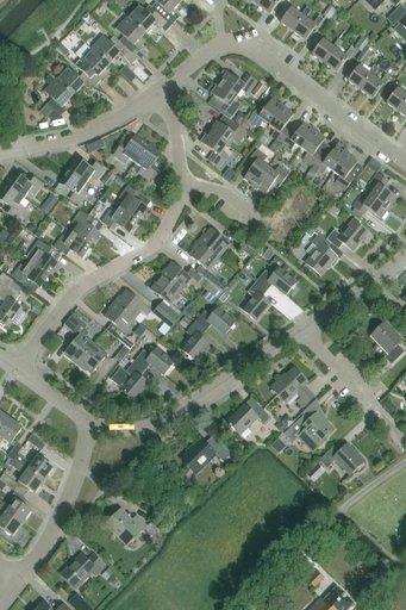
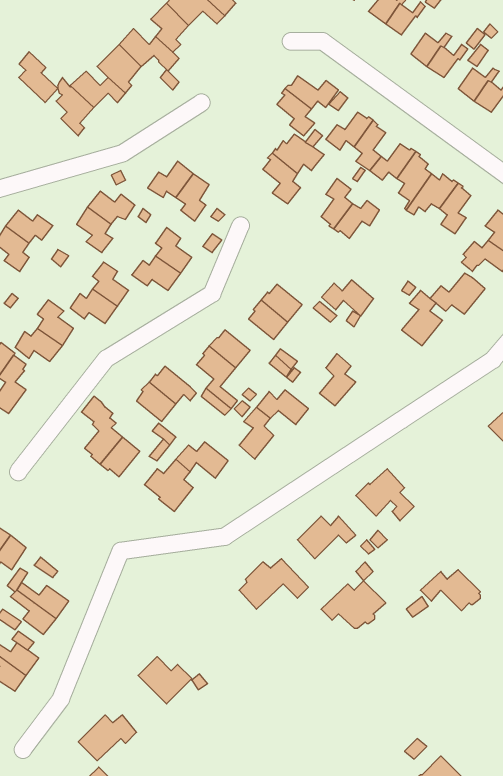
building: none -> [19,52,58,103]
building: [256,267,295,294] -> [322,280,374,316]
building: [285,411,333,447] -> [321,581,386,628]

